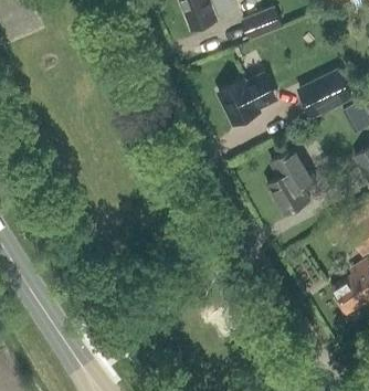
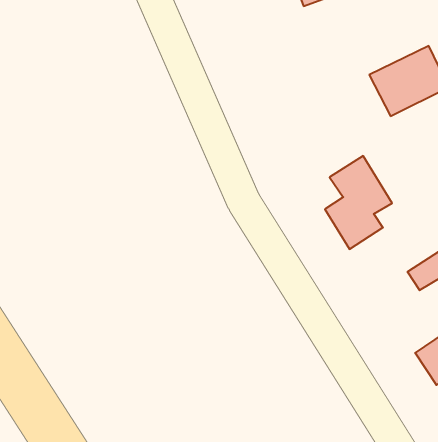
building: [220,74,281,125] -> none

